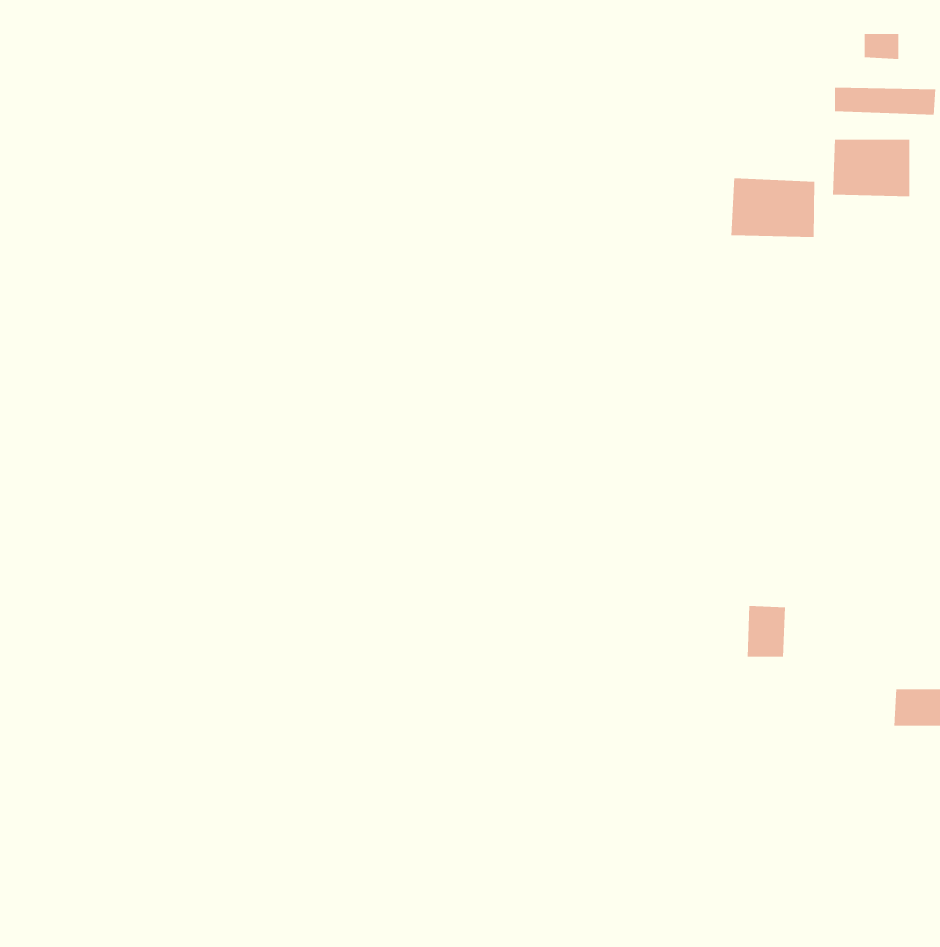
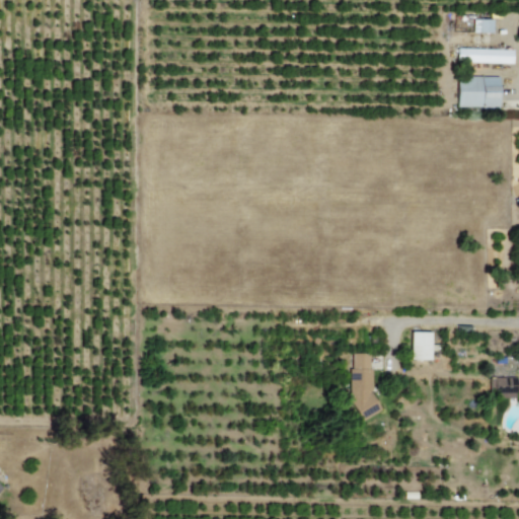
building: [731,177,815,238] -> none
building: none -> [355,352,376,415]

